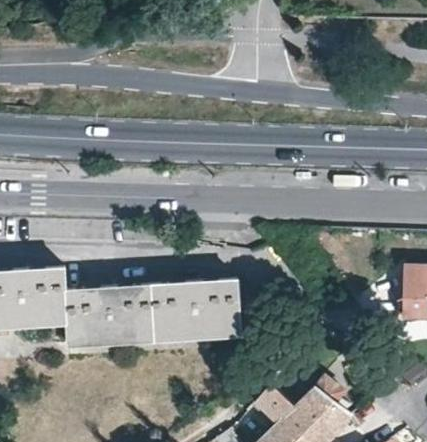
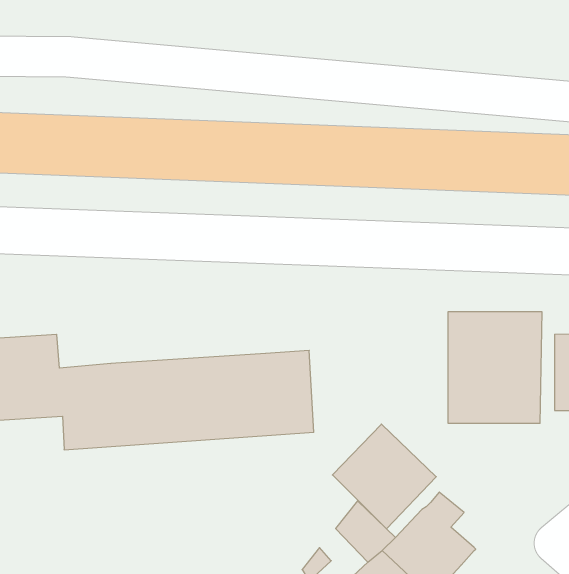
building: none -> [448,312,542,423]
building: none -> [332,424,436,529]

